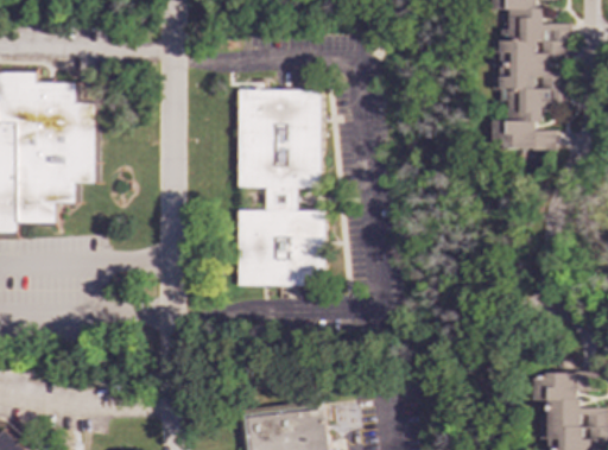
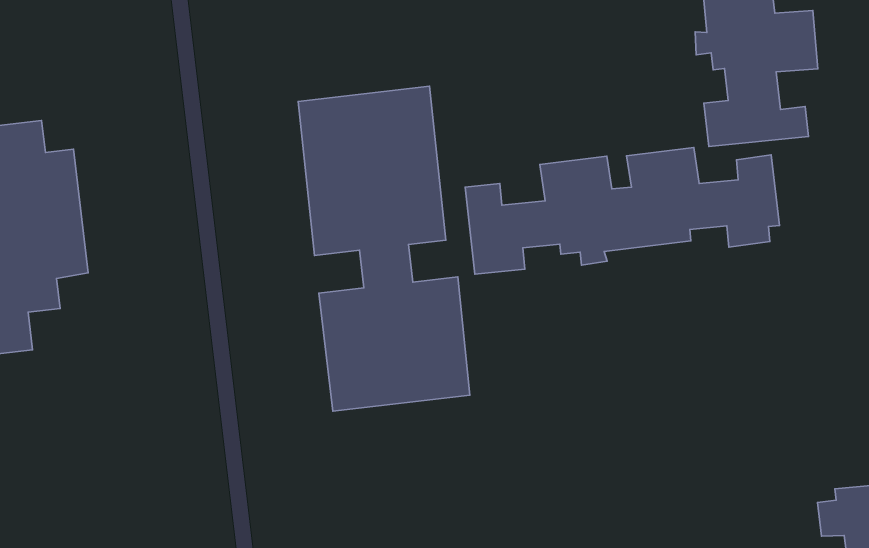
building: none -> [465,148,779,274]

